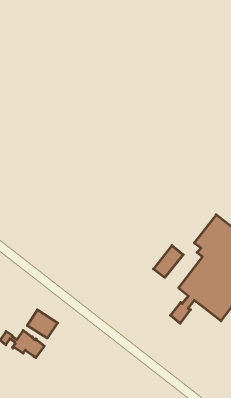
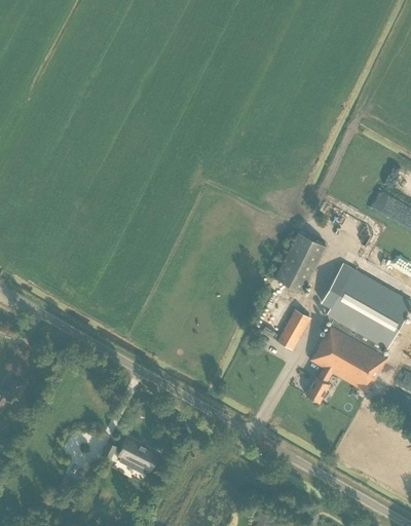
building: none -> [274,232,326,293]
building: [27,310,58,338] -> none

